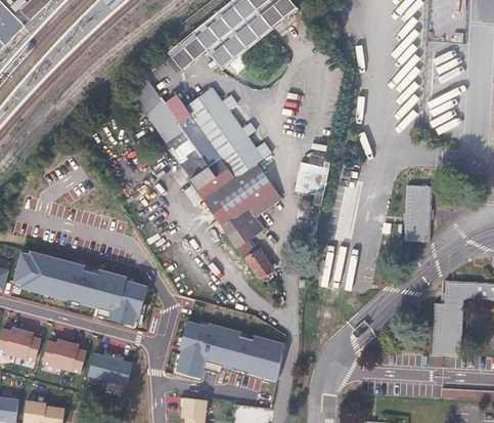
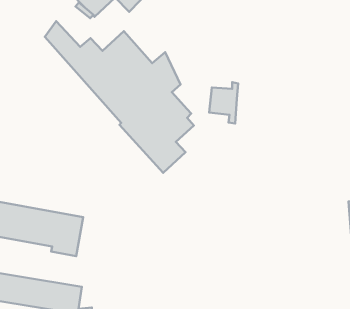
building: [405,185,433,243] -> none
building: [245,248,275,281] -> none
building: [174,318,284,382] -> none

